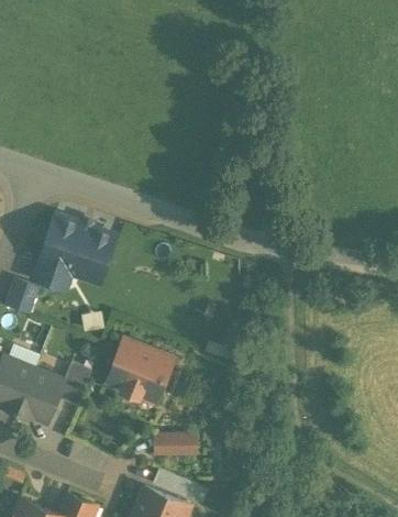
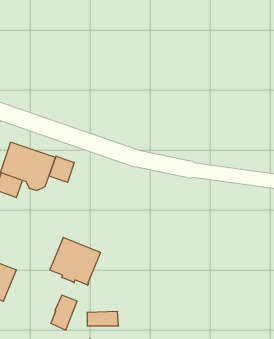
building: none -> [49,156,74,182]
building: [57,361,91,406] -> [51,295,77,330]

